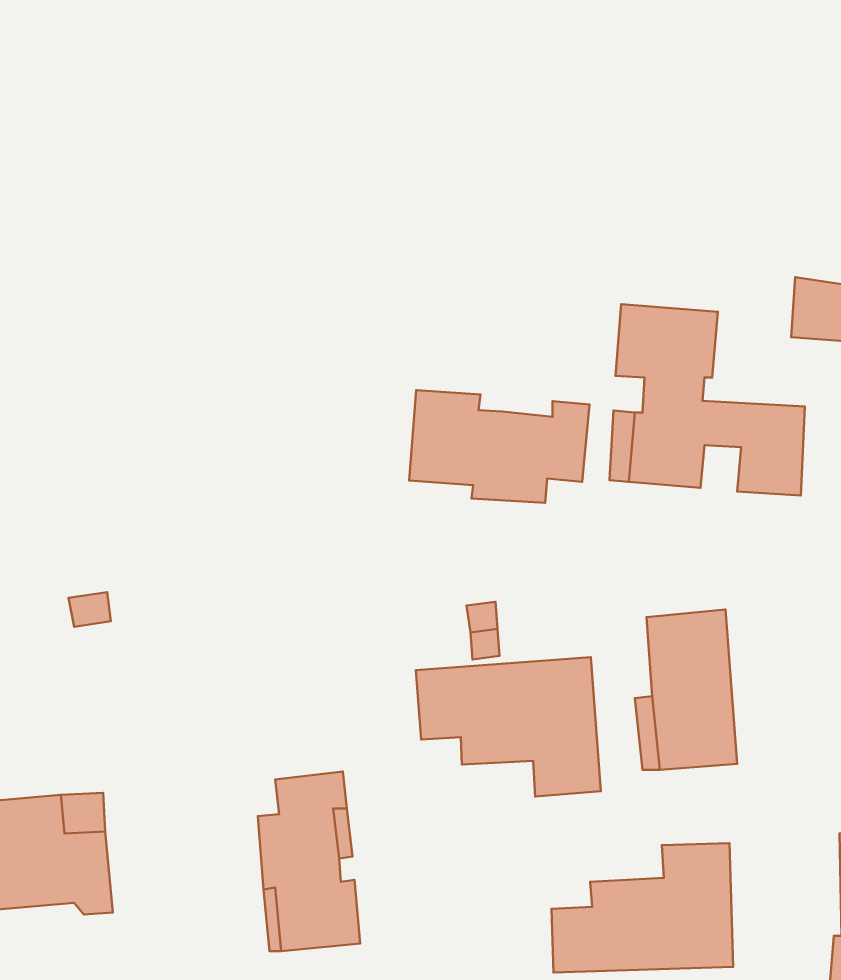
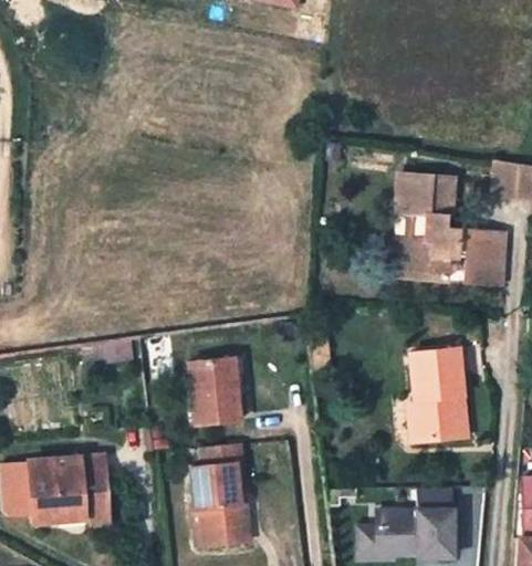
building: [409,390,589,503] -> none
building: none -> [189,359,247,424]
building: [416,657,601,797] -> none

